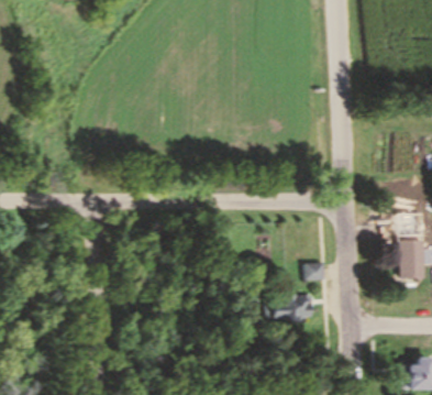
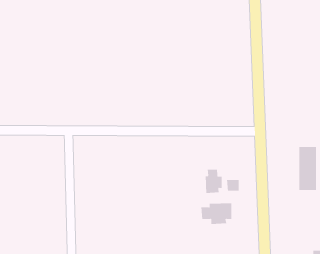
building: none -> [205,169,222,194]

